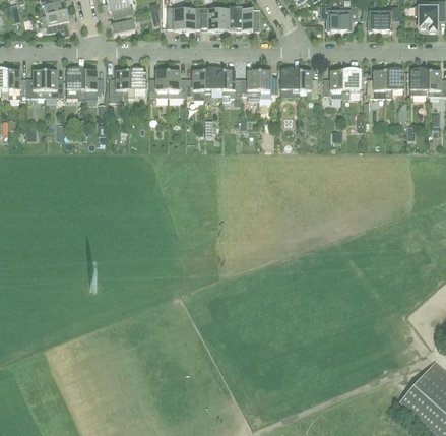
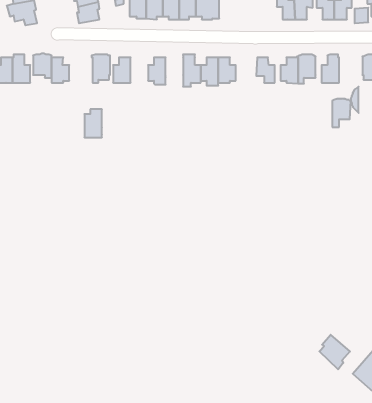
building: [204,67,222,91] -> none
building: [280,67,300,97] -> none
building: [385,67,404,97] -> [332,99,351,127]
building: [110,70,128,100] -> [84,109,102,137]
building: [168,70,186,97] -> none
building: none -> [319,335,350,369]

